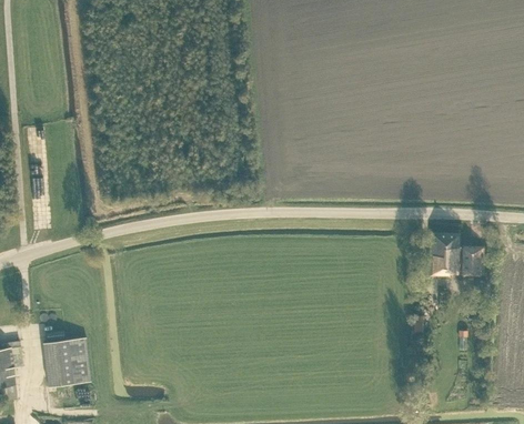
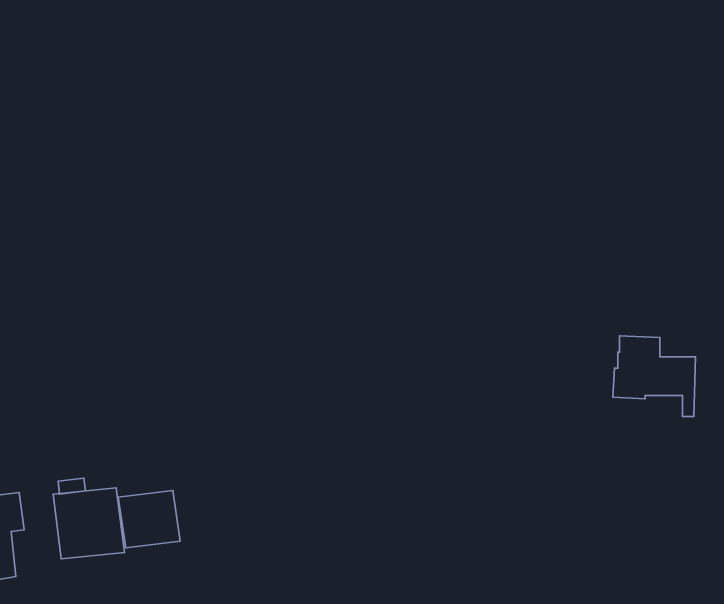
building: none -> [118,490,180,548]

